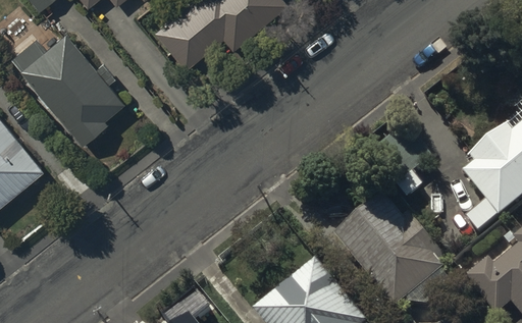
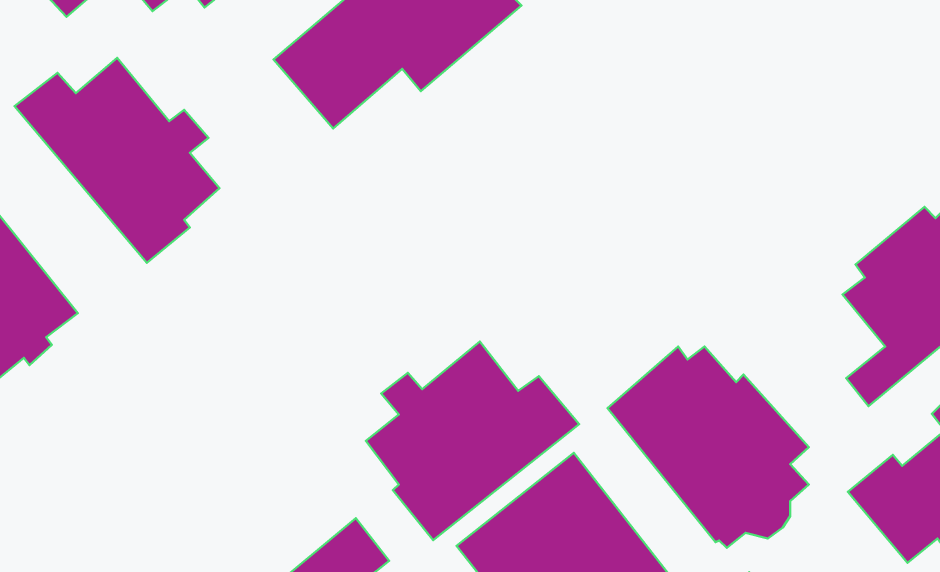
building: none -> [366,342,579,540]

